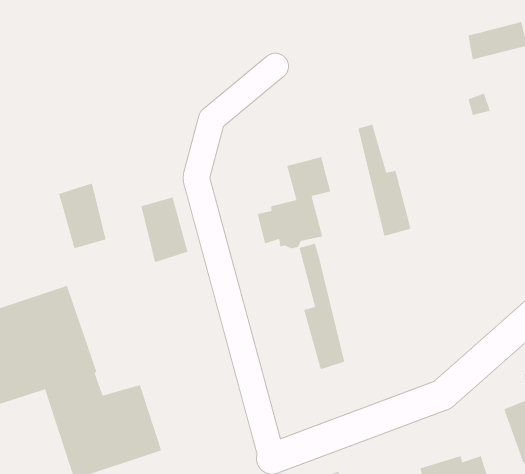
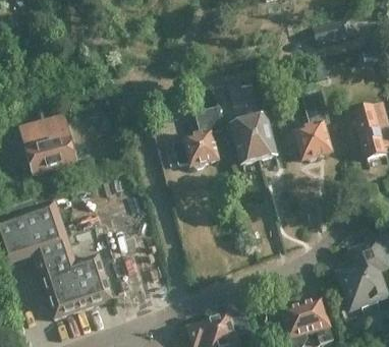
building: none -> [294,93,330,160]
building: [141,197,189,263] -> [22,130,54,174]
building: [299,243,345,370] -> [227,80,258,164]

